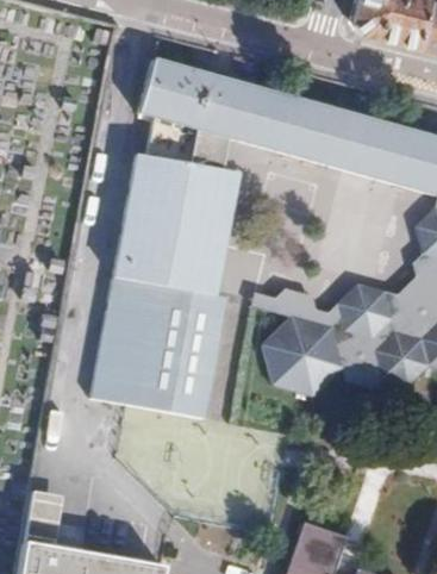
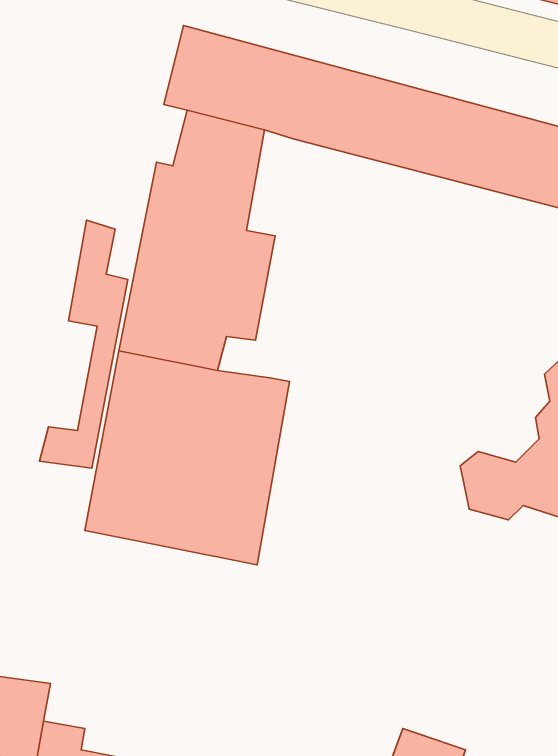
building: [180,130,238,294] -> [40,220,128,468]
building: [256,280,400,400] -> none

